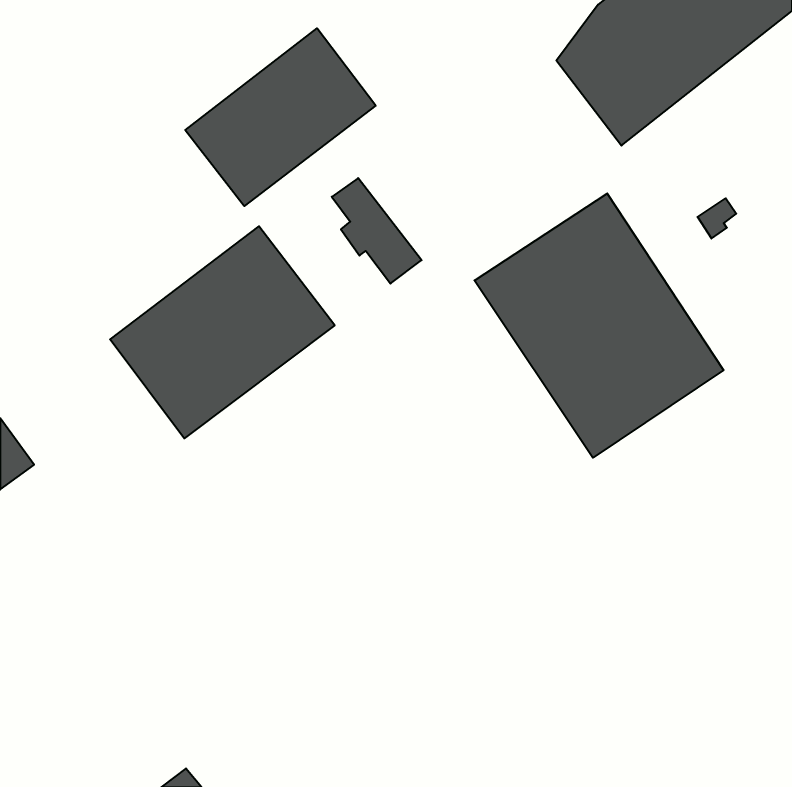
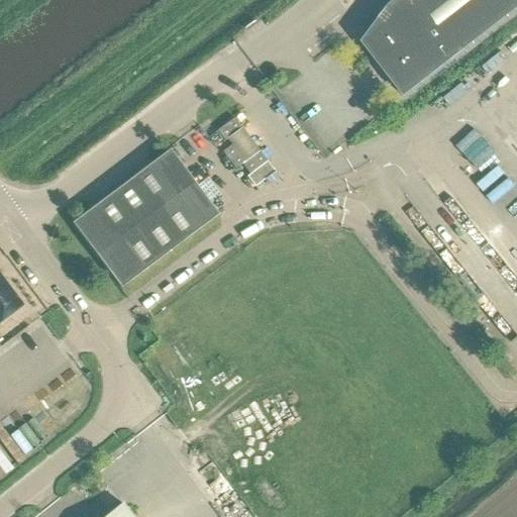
building: [185,28,376,206] -> none
building: [474,193,724,458] -> none

